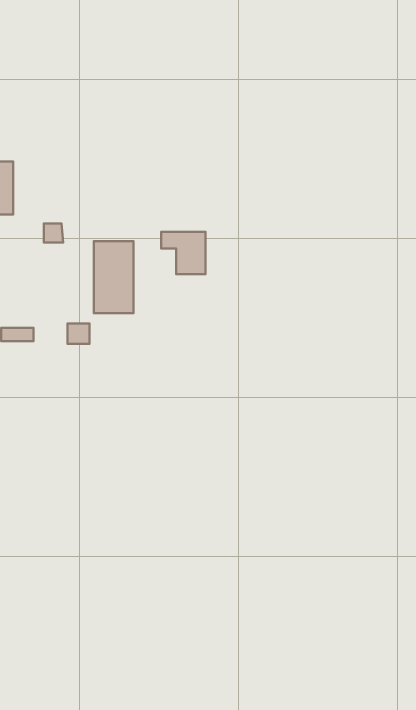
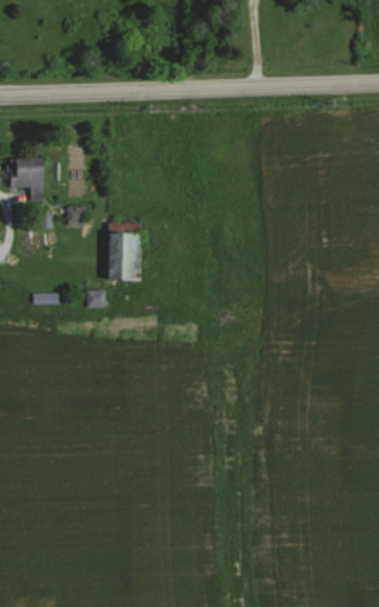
building: [161,232,206,274] -> none

